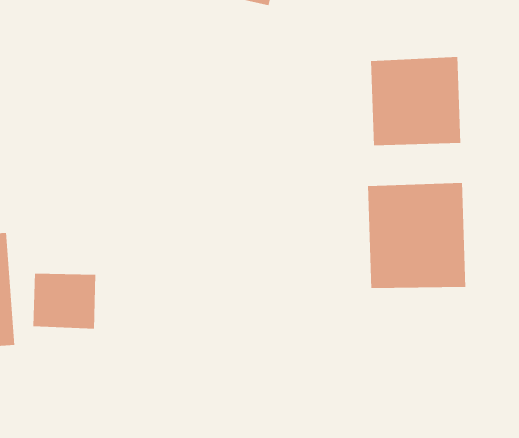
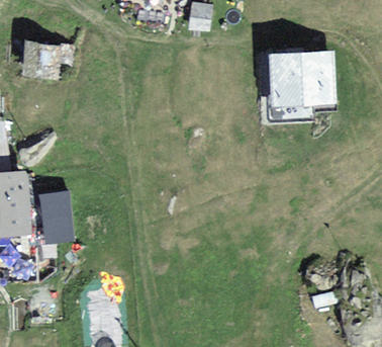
building: none -> [15,32,70,77]
building: [368,182,466,289] -> none

